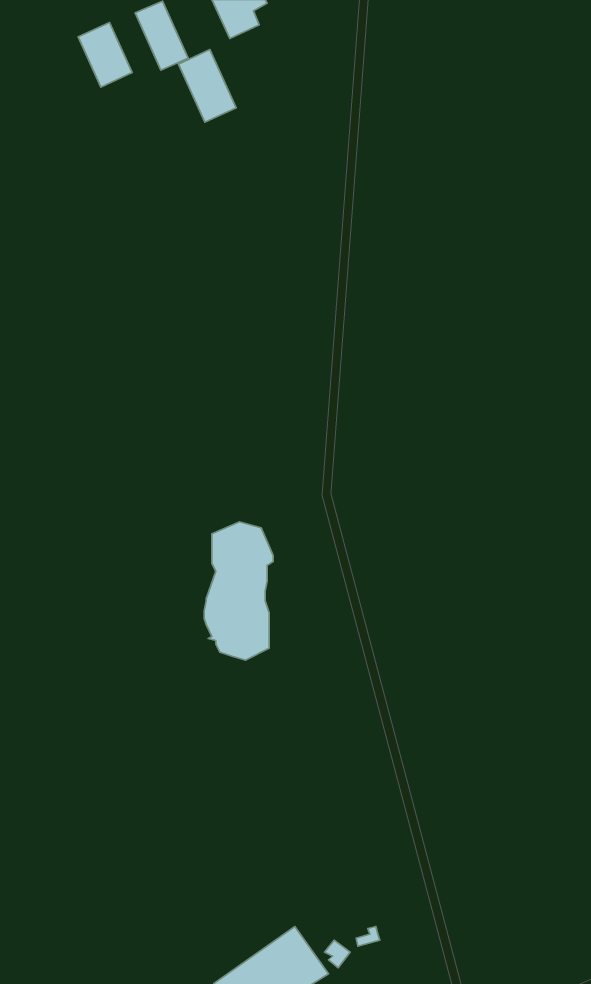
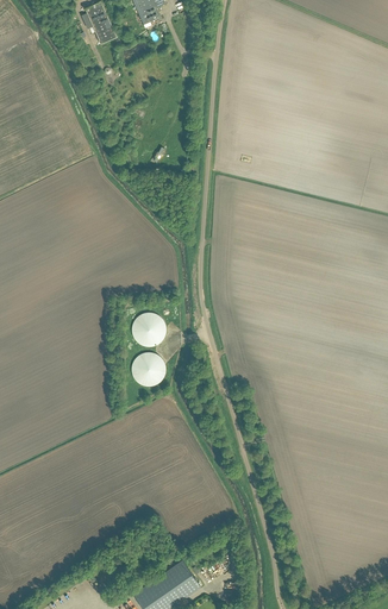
building: [78,22,132,87] -> none
building: [179,50,236,122] -> none

